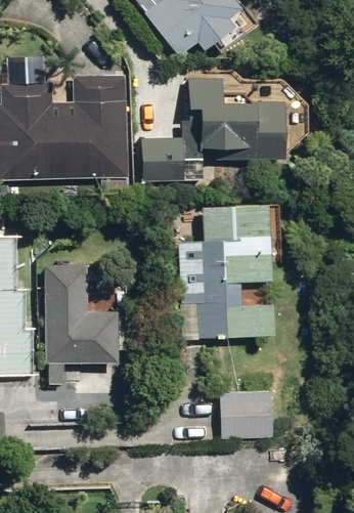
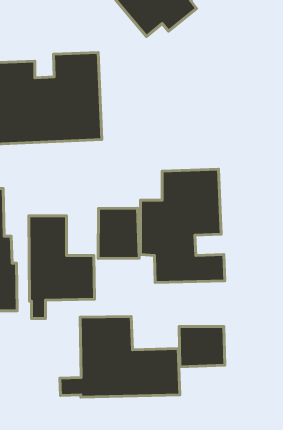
building: [140,81,283,183] -> none
building: none -> [98,208,139,259]
building: none -> [60,316,180,397]

